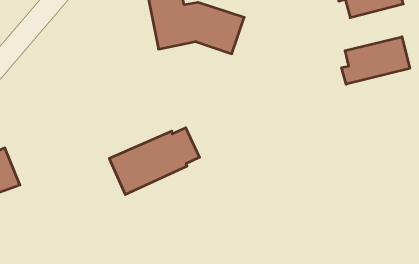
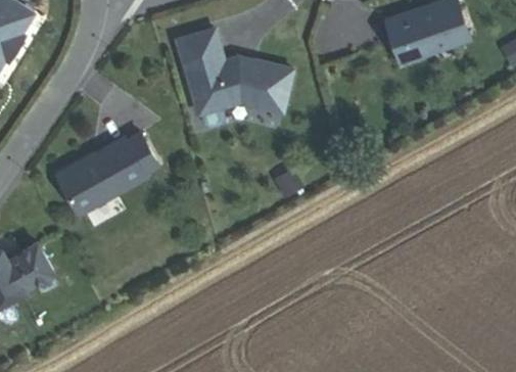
building: [342,37,410,84] -> none
building: [109,128,200,195] -> [56,134,157,215]

